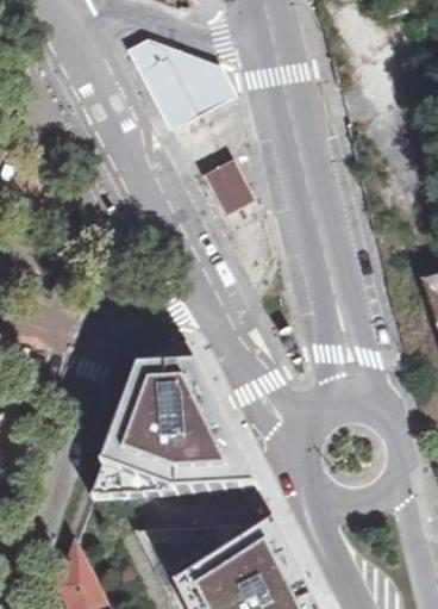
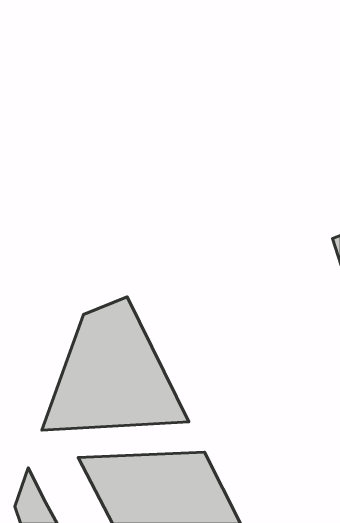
building: [125,42,232,130] -> none
building: [201,164,249,217] -> none

